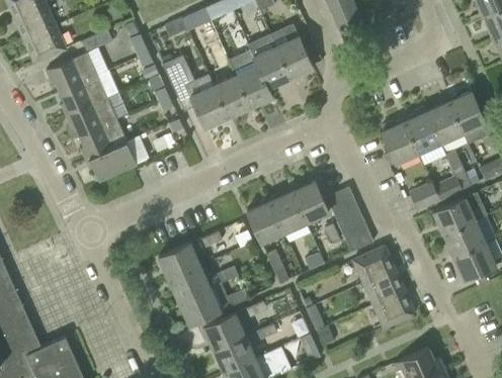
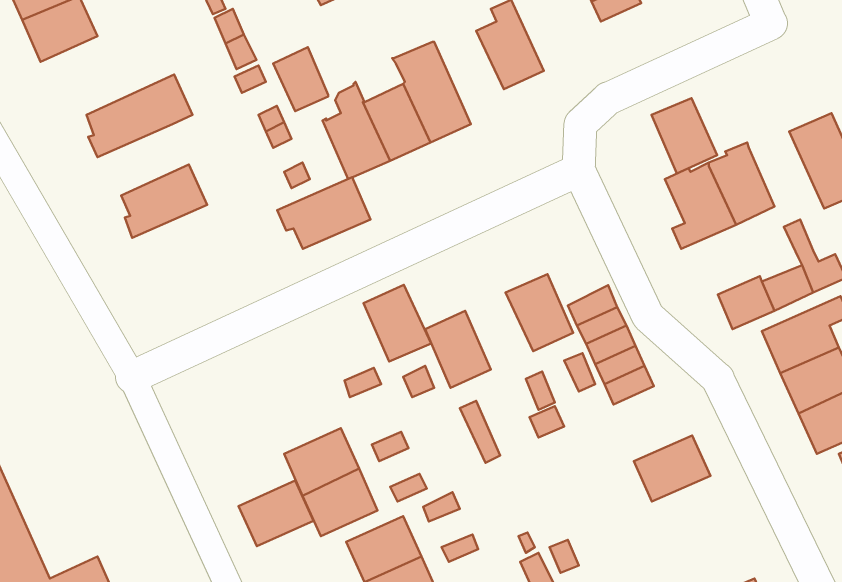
building: [248,35,290,88] -> none
building: [46,48,108,92] -> none
building: [66,97,116,136] -> none
building: [426,101,463,143] -> [651,98,717,173]
building: [85,141,137,181] -> [277,177,371,249]
building: [269,190,307,232] -> [363,285,431,362]
building: [159,243,200,279] -> [239,480,314,546]
building: [352,246,395,283] -> none
building: [372,291,415,327] -> none

